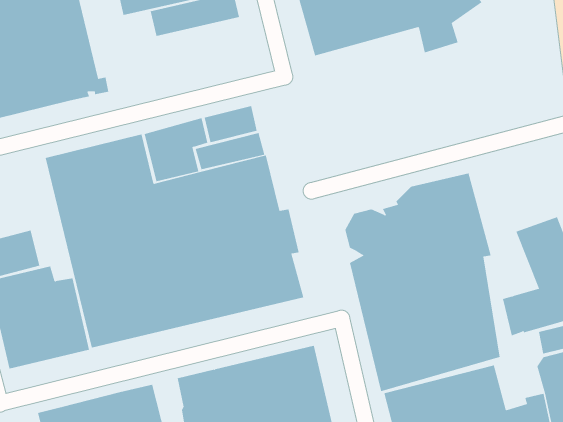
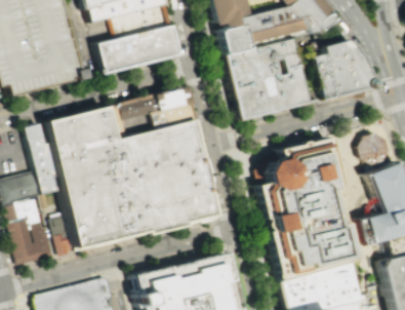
building: none -> [99,27,184,76]
building: none -> [222,37,308,120]
building: none -> [313,39,380,101]
building: none -> [24,123,56,195]
building: none -> [357,130,389,163]

